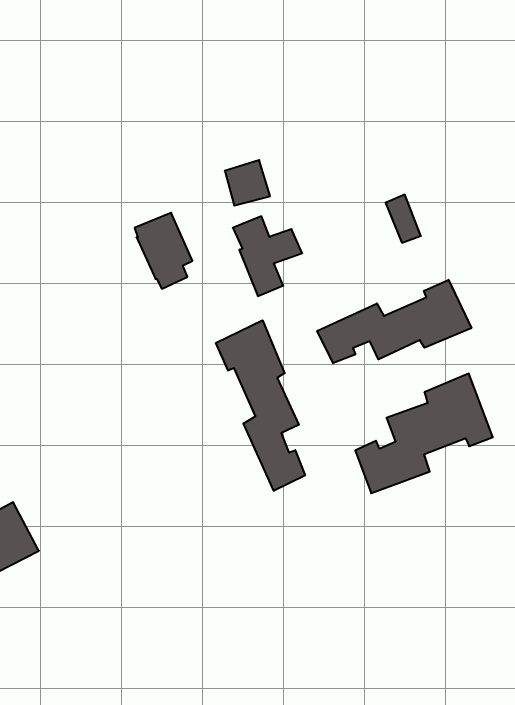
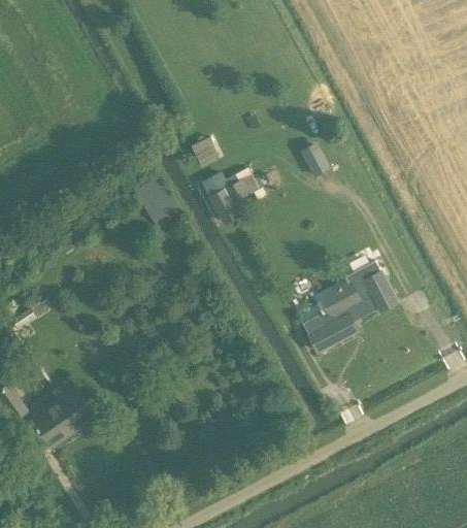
building: [317,280,471,363] -> none
building: [216,320,305,491] -> none

